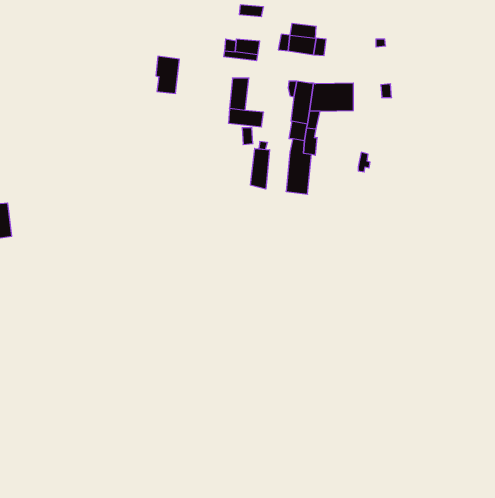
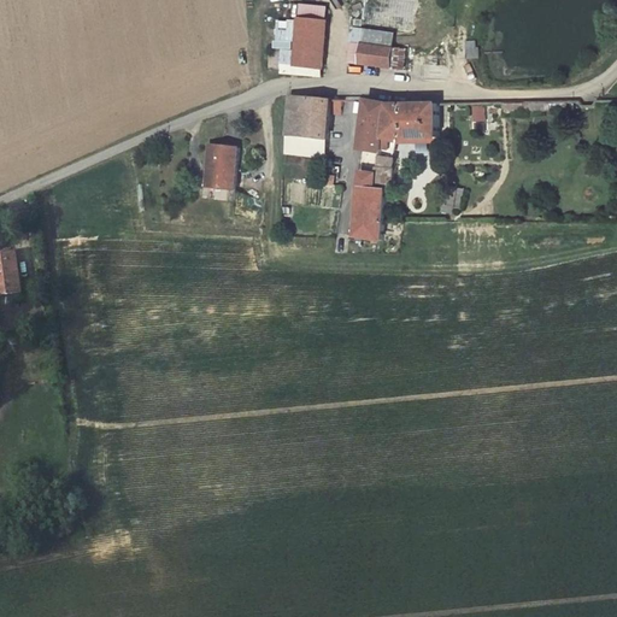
building: none -> [292,18,323,51]
building: [156,56,179,93] -> [206,143,235,189]
building: none -> [302,96,329,139]
building: [250,148,270,189] -> none

